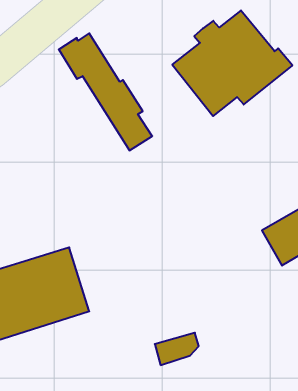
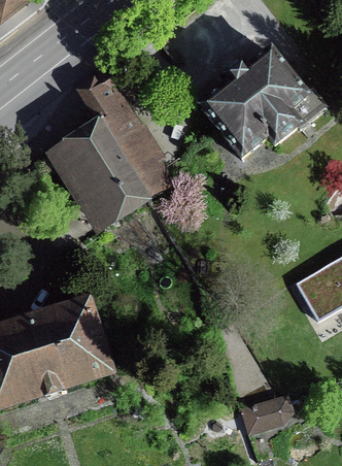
building: none -> [44,116,153,236]
building: [155,333,199,365] -> [242,397,289,432]

